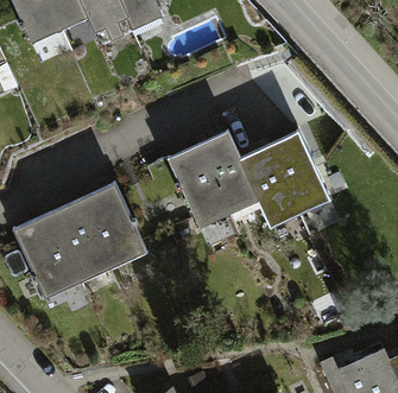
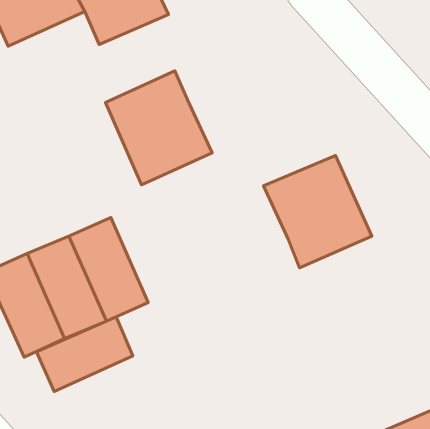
building: [173,137,261,230] -> [105,71,212,185]
building: none -> [36,317,133,392]

